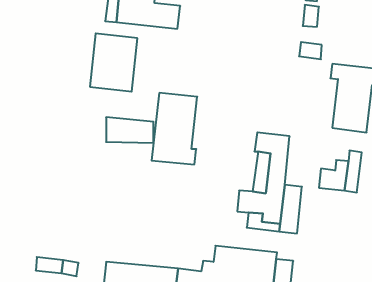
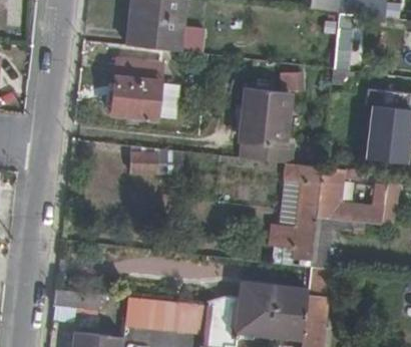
building: [152,93,197,164] -> [243,87,291,162]
building: none -> [317,166,359,220]

